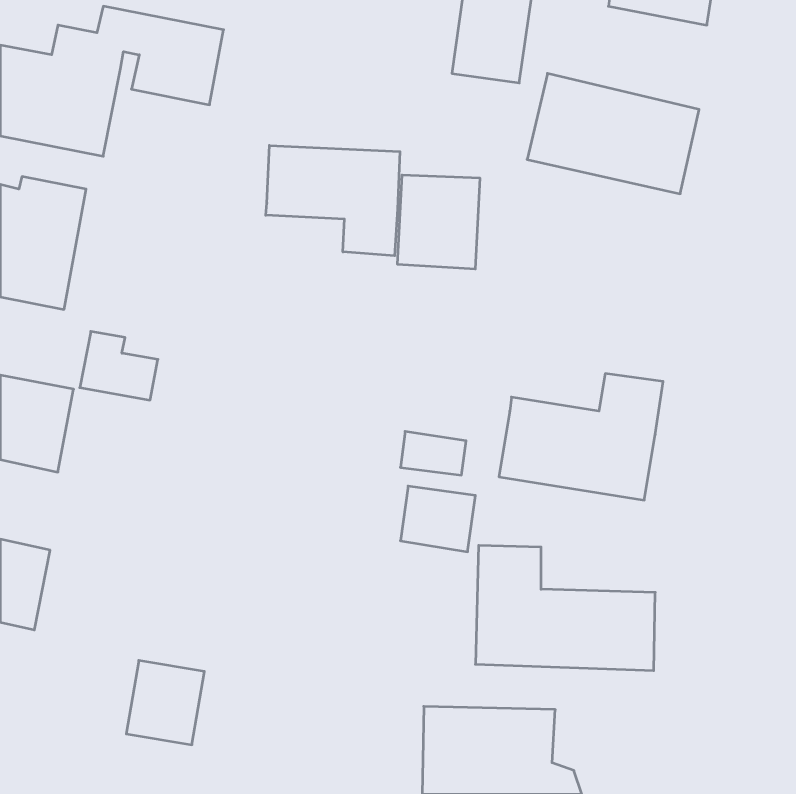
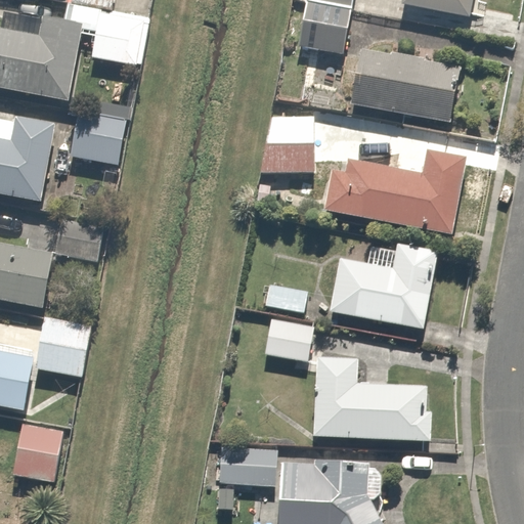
building: [266,145,400,256] -> none
building: none -> [71,111,125,164]
building: none -> [320,137,450,228]
building: none -> [38,315,90,378]
building: [126,660,204,745] -> [10,427,61,482]
building: none -> [218,444,275,486]

